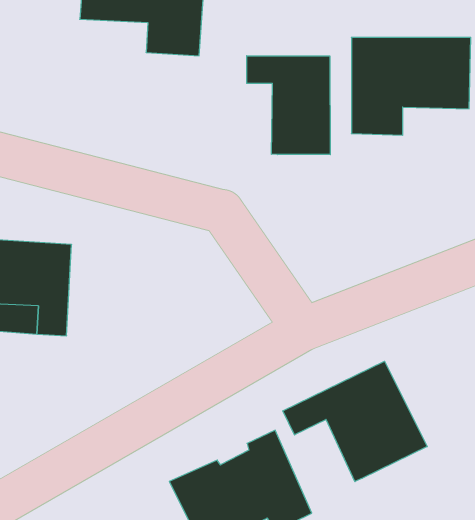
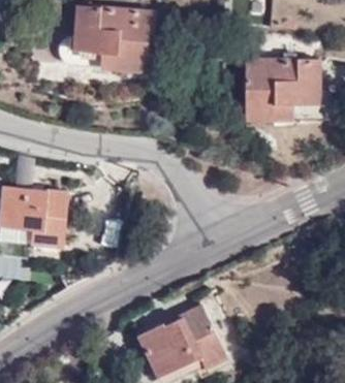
building: [247,56,330,155] -> none
building: [283,361,427,482] -> none

